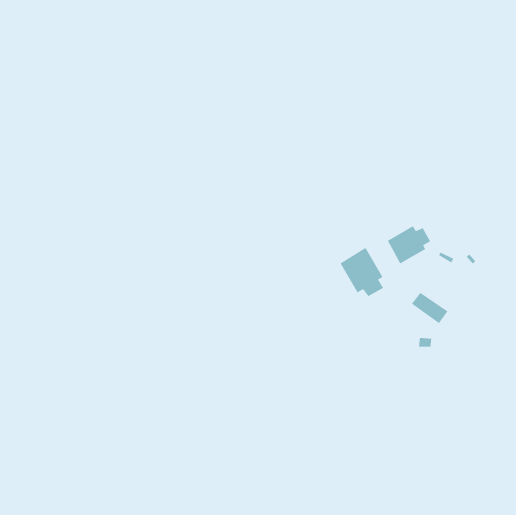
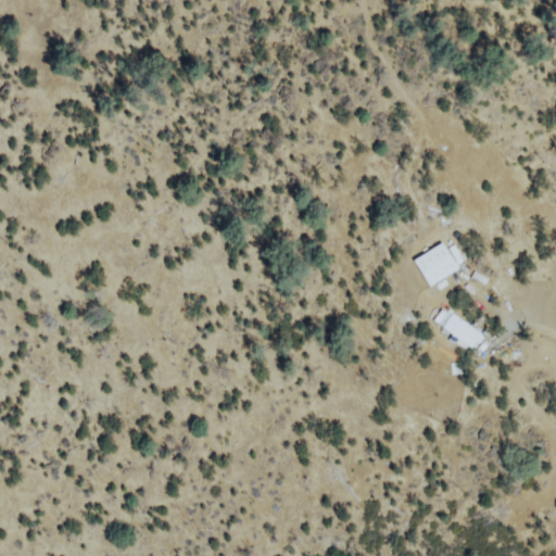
building: [340,247,384,297] -> none

